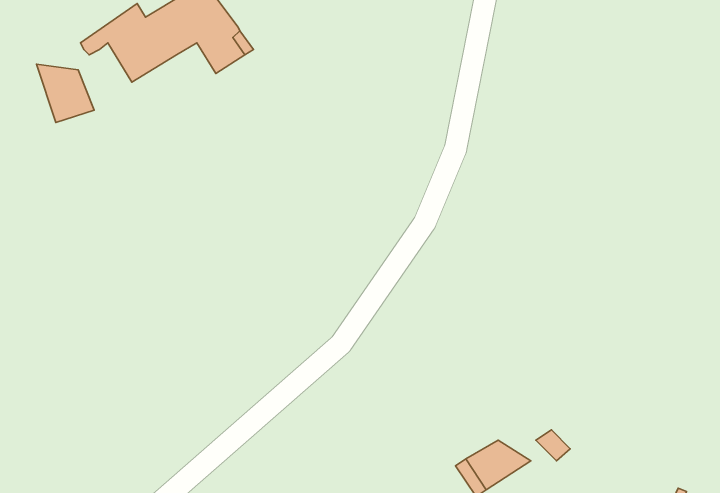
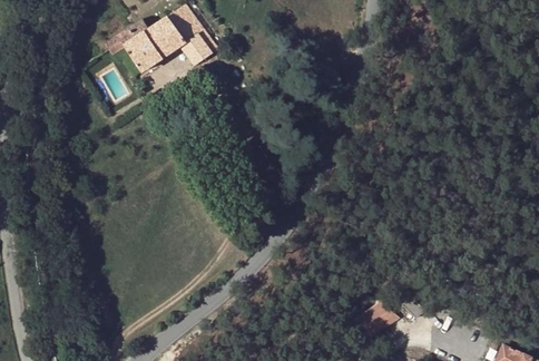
building: [36,64,94,122] -> none

